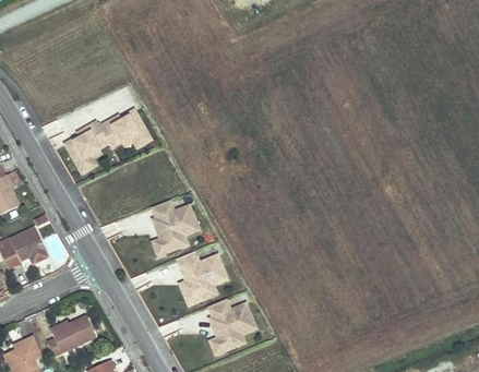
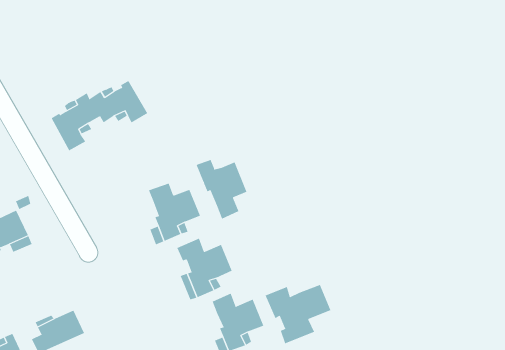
building: none -> [196,159,247,220]
building: none -> [265,284,331,344]

